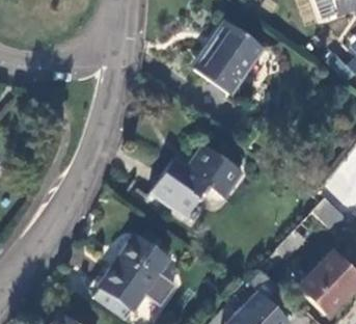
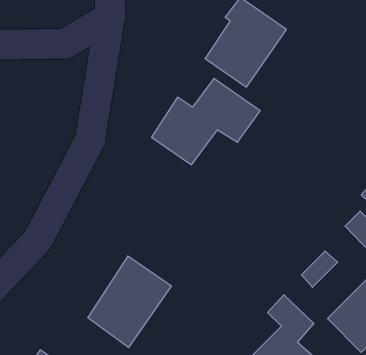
building: [154,143,244,215] -> [151,78,260,165]

